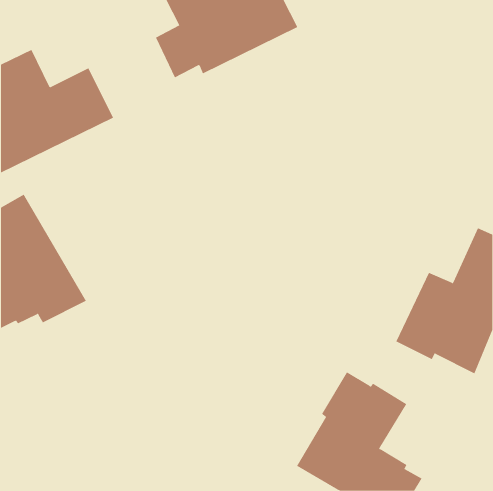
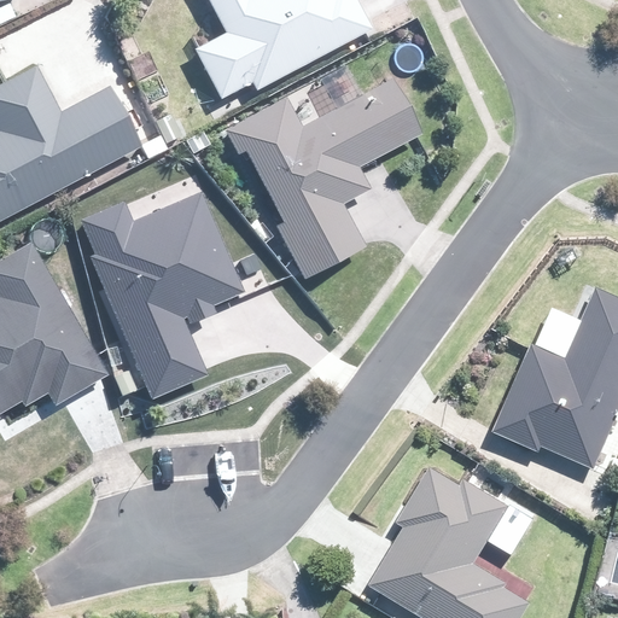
building: none -> [227,64,420,275]
building: none -> [78,192,243,397]

